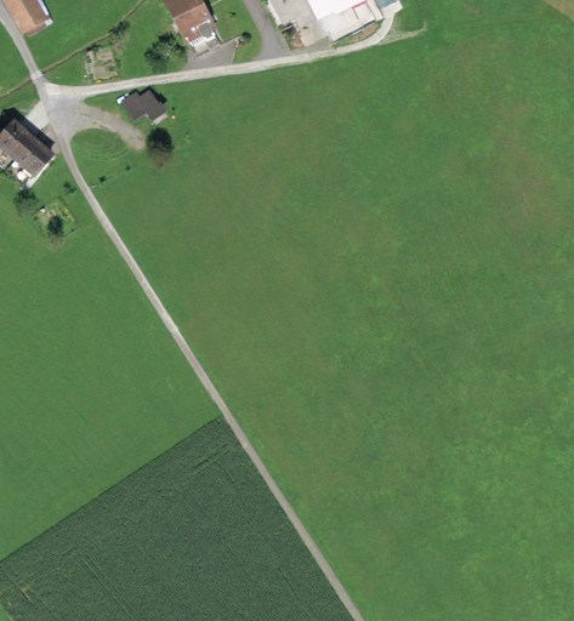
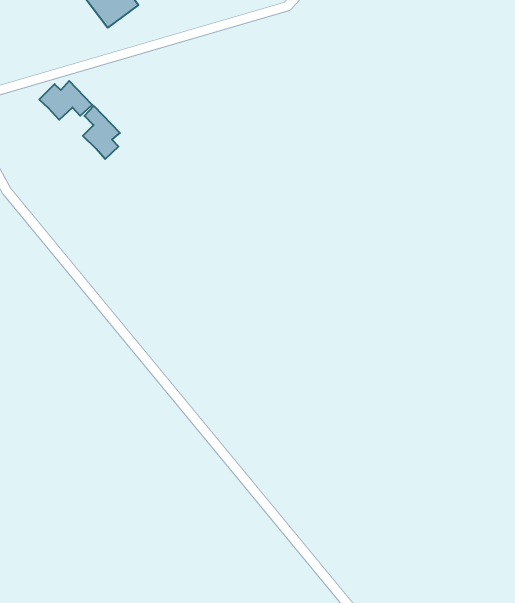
building: none -> [83,106,120,159]

